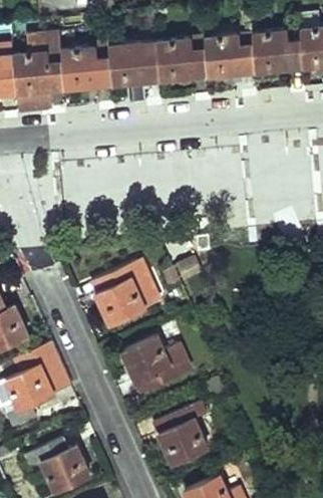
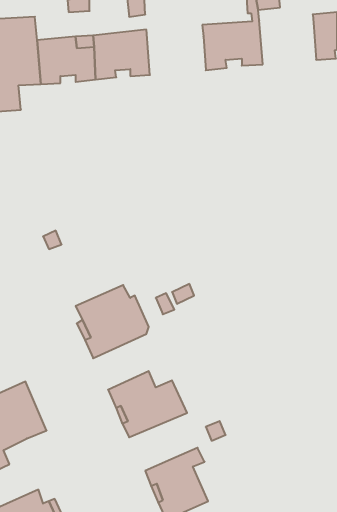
building: [254,30,303,71] -> none
building: [156,39,208,80] -> none

